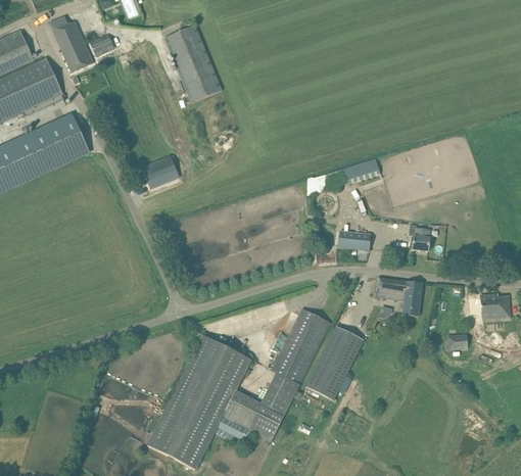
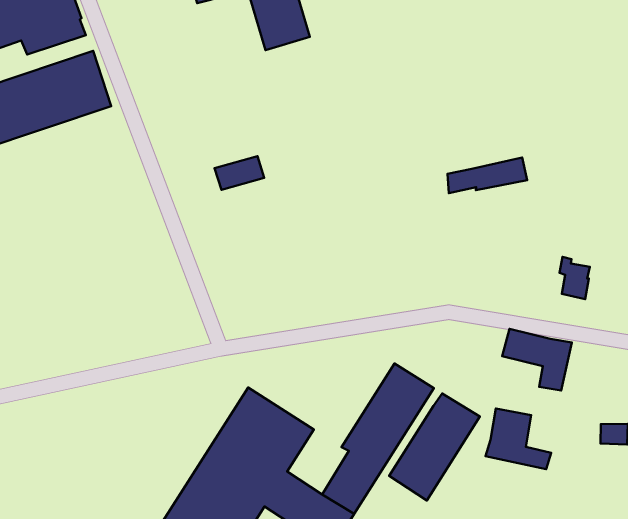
building: [141,155,176,181] -> [215,156,264,190]
building: [338,231,371,250] -> none
building: none -> [486,408,551,469]

